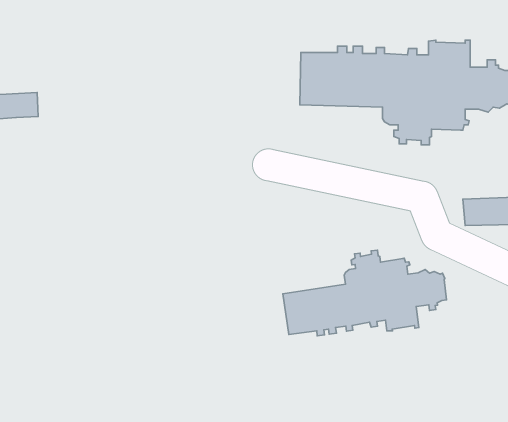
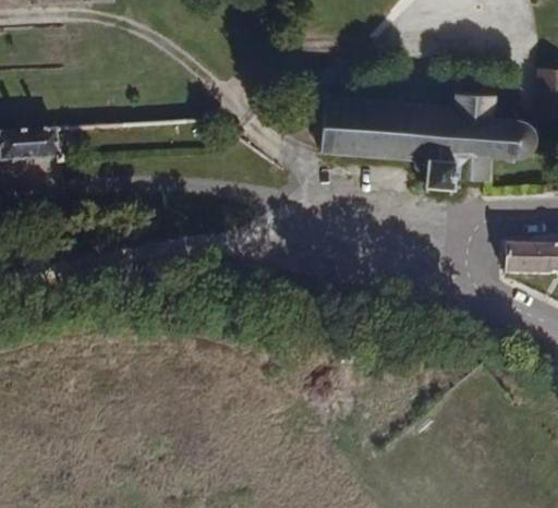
building: [283,250,447,336] -> none

